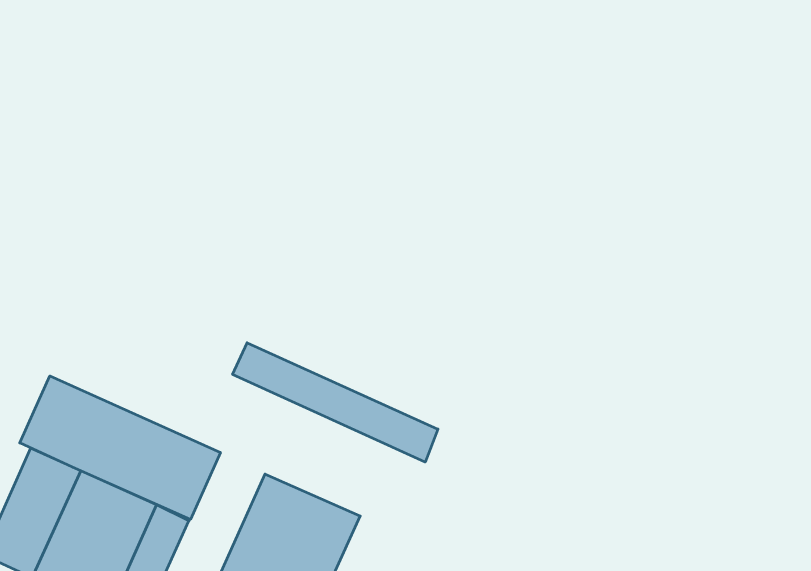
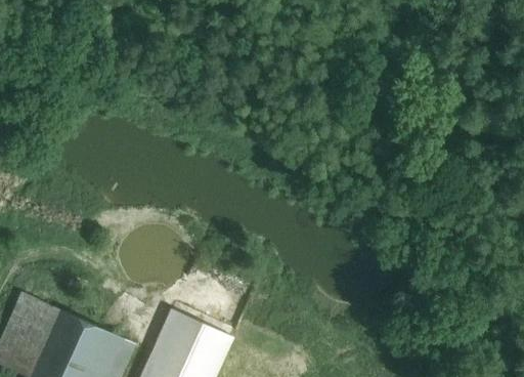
building: [233,343,438,462] -> none
building: [20,376,220,519] -> none

